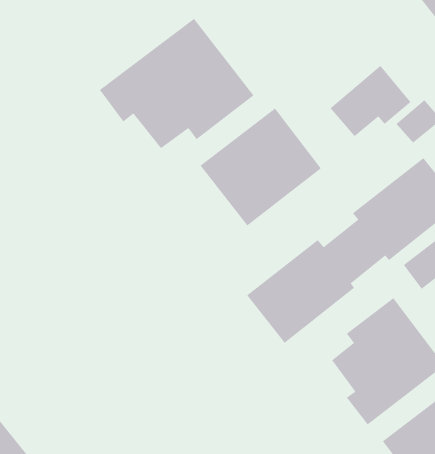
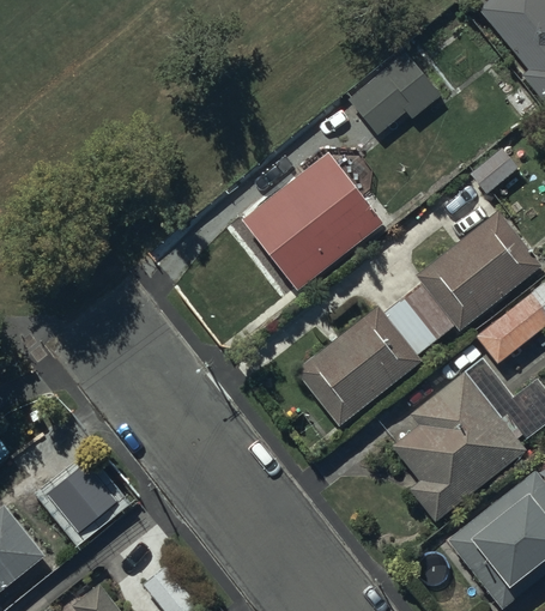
building: [99,18,254,149] -> none
building: [330,65,411,137] -> [349,50,443,134]
building: none -> [48,461,125,540]

